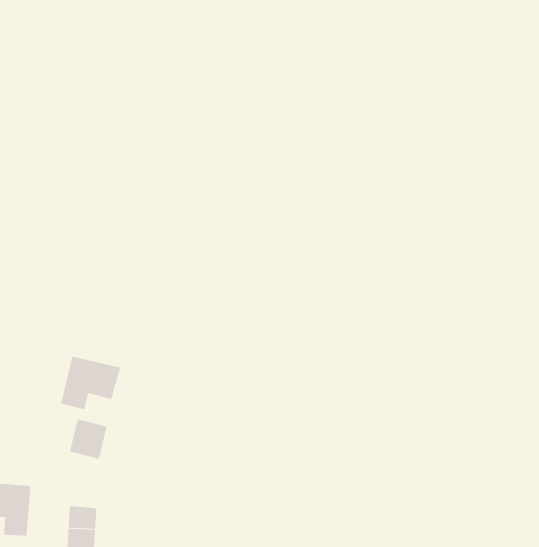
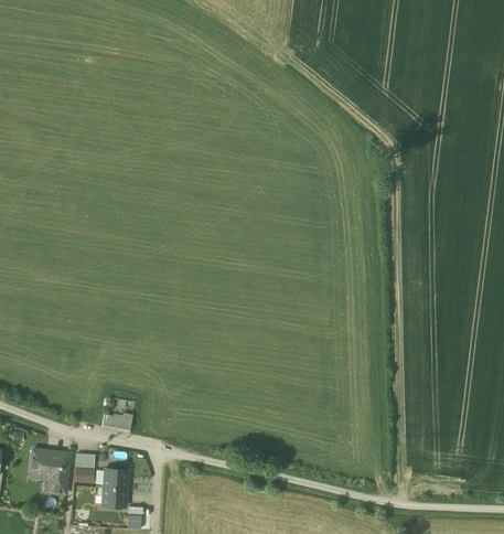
building: [61,356,121,410] -> none
building: none -> [73,455,93,484]

